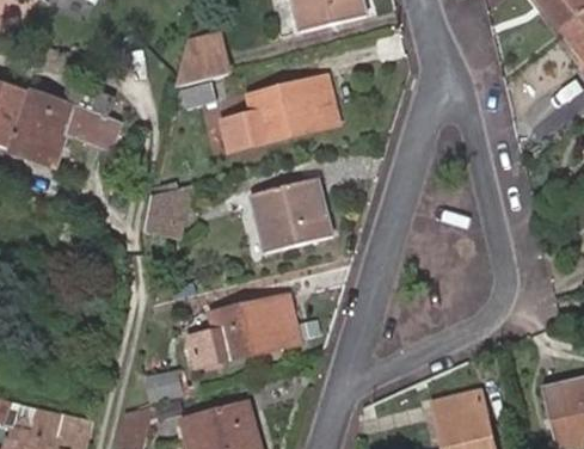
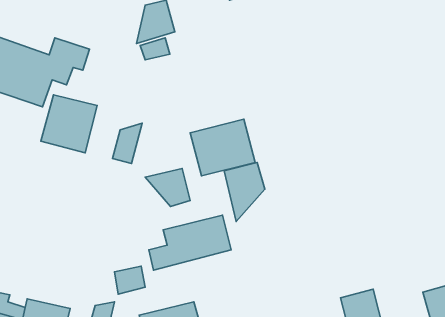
building: [211,80,326,152] -> none
building: none -> [41,95,97,153]
building: none -> [224,162,265,221]
building: none -> [145,169,190,206]

